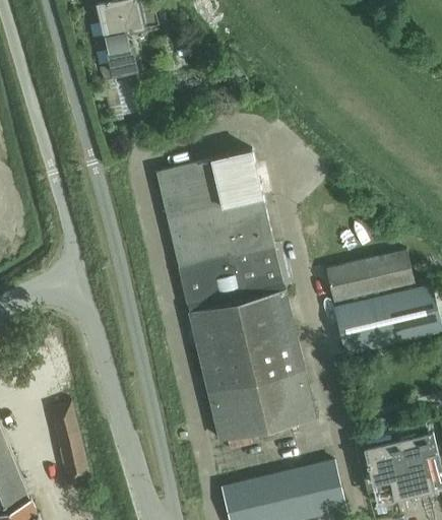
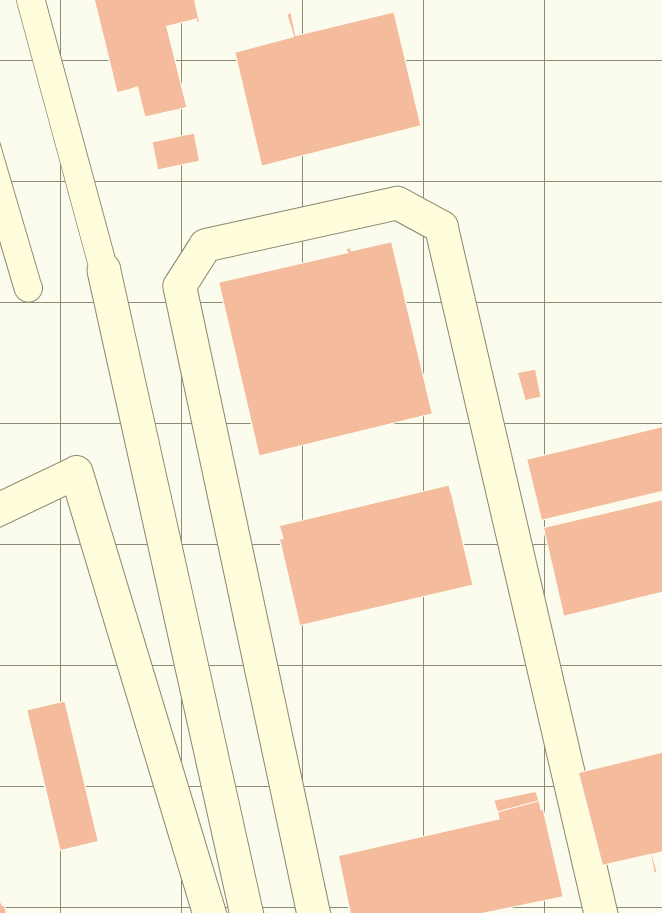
building: none -> [235,12,421,166]
building: [179,244,283,306] -> none
building: [201,338,316,442] -> none

